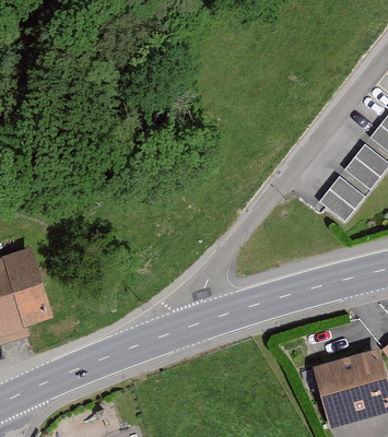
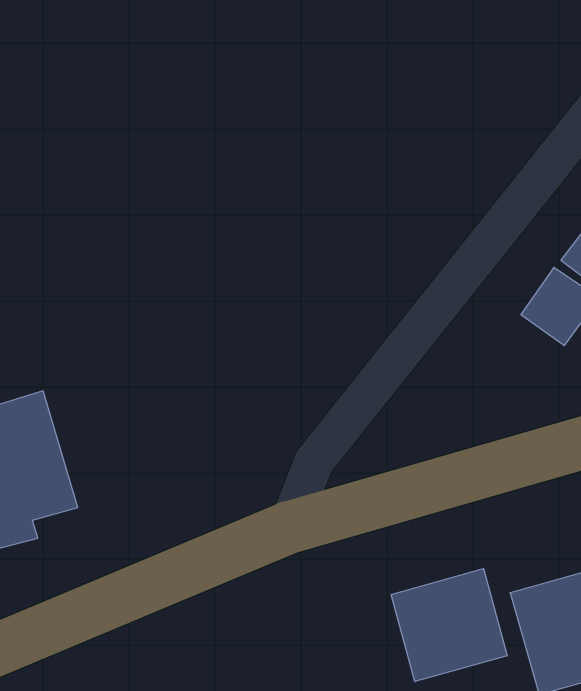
building: none -> [391,569,507,682]

